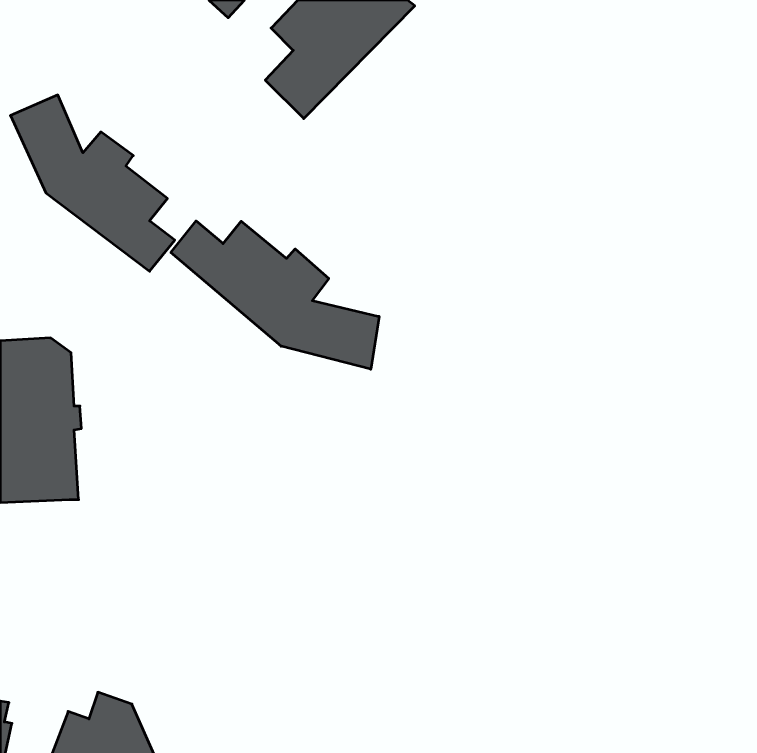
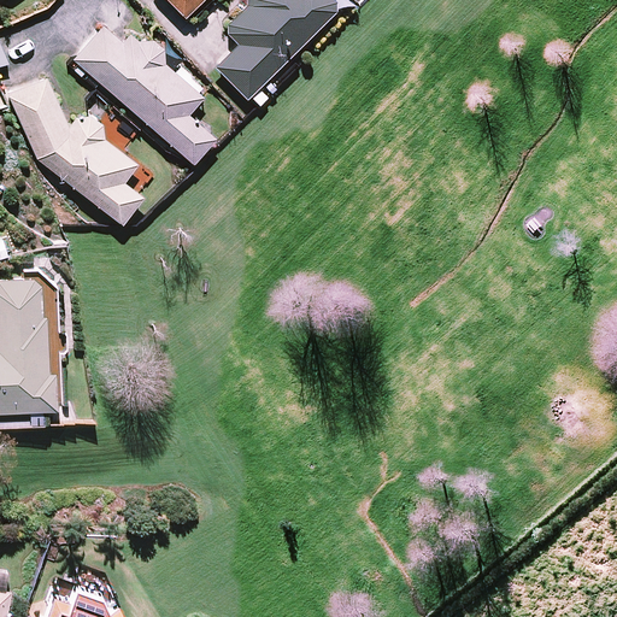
building: none -> [74,27,219,169]
building: [171,221,379,369] -> none

